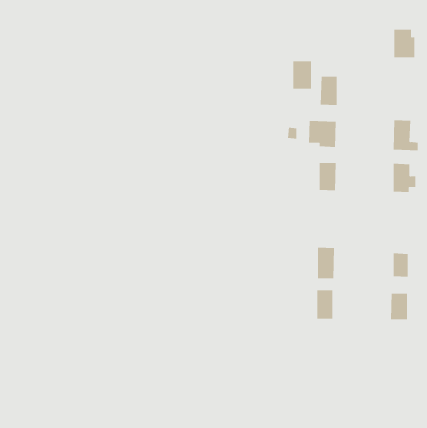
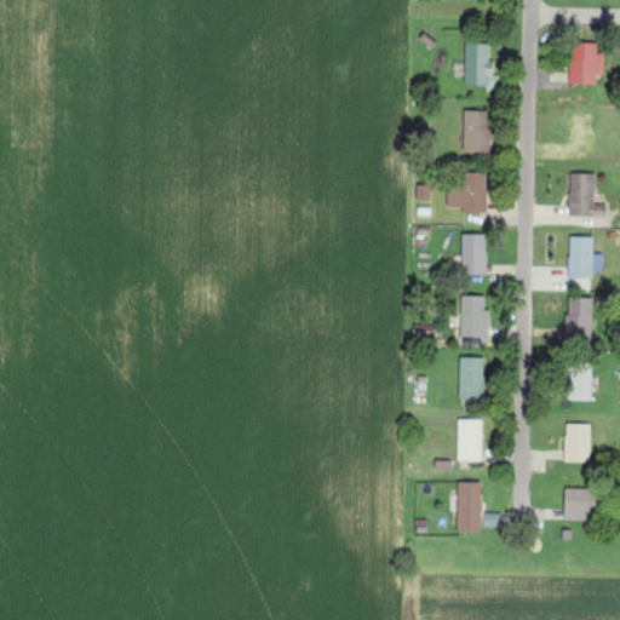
building: [292,61,312,89] -> [464,44,492,85]
building: none -> [460,295,488,338]
building: none -> [566,298,592,341]
building: none -> [457,482,481,533]
building: none -> [563,488,595,519]

